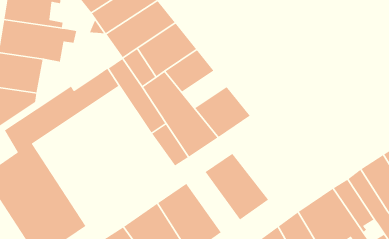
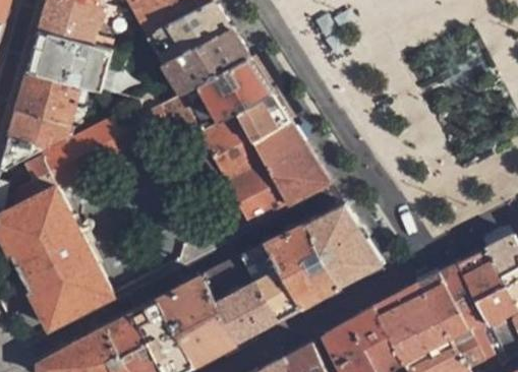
building: none -> [247,123,303,166]
building: none -> [301,204,383,288]
building: none -> [241,245,301,321]

